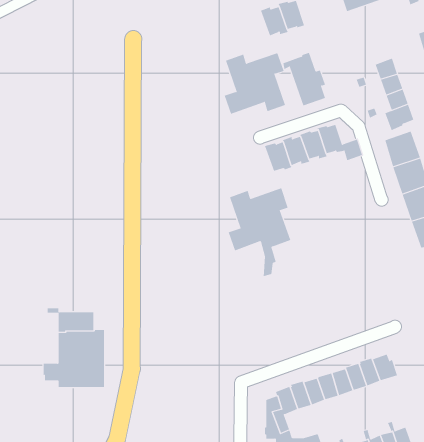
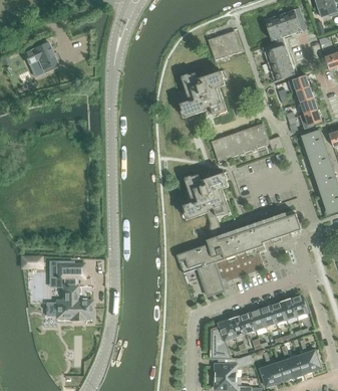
building: none -> [24,41,57,75]
building: [283,52,326,106] -> [263,39,295,79]
building: none -> [177,212,301,296]

